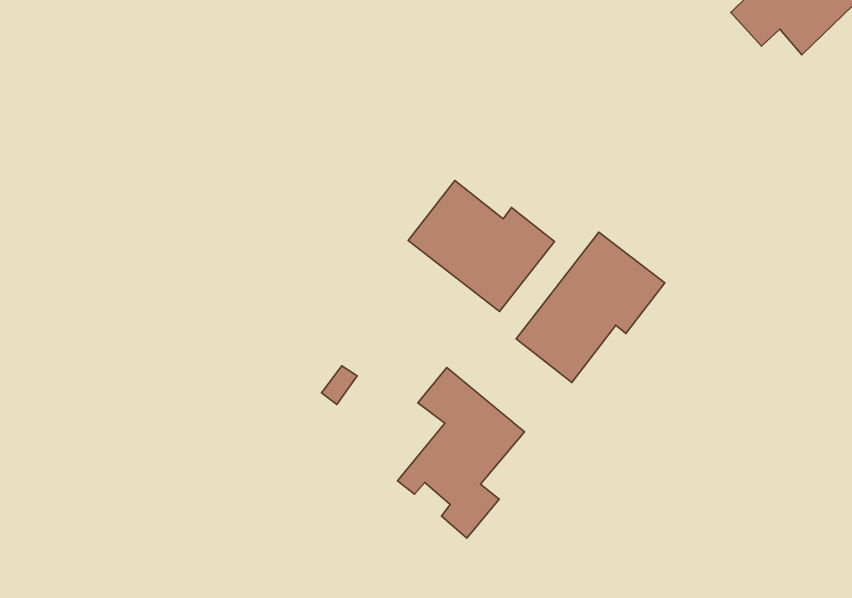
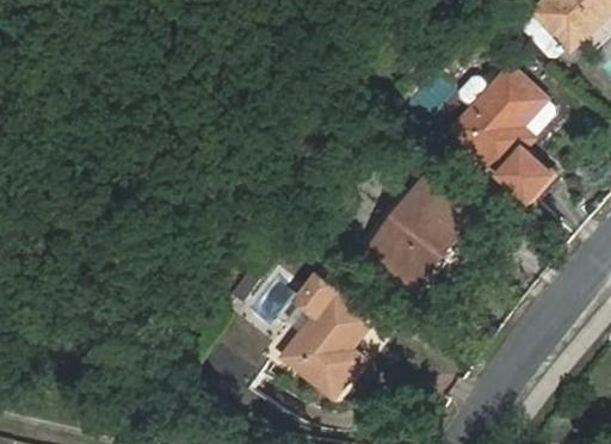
building: none -> [452,67,553,199]
building: [408,180,555,312] -> none

